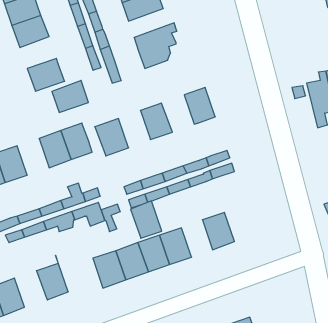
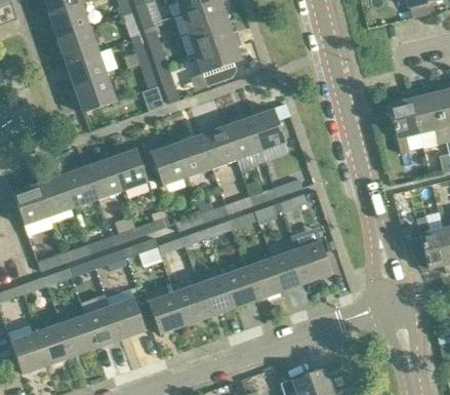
building: none -> [188,19,239,52]
building: [52,80,88,112] -> [66,51,107,87]
building: none -> [224,117,261,159]
building: none -> [176,134,212,176]
building: none -> [63,166,98,207]
building: [131,201,162,238] -> [247,258,282,300]
building: none -> [295,241,331,282]
building: none -> [106,289,145,339]
building: none -> [59,315,96,356]

